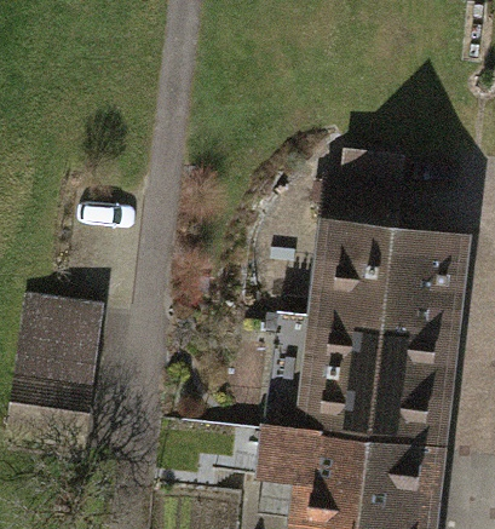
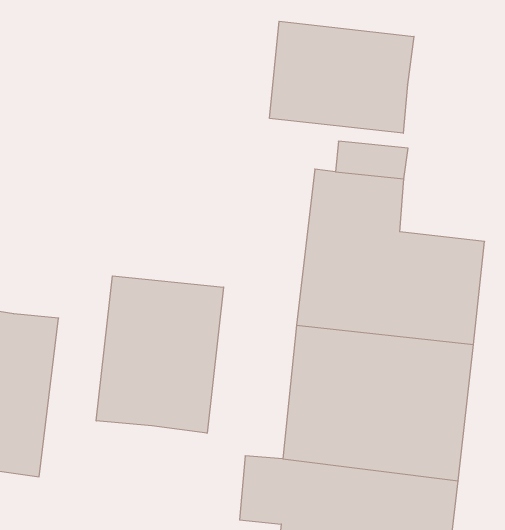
building: none -> [270,21,414,133]
building: none -> [96,276,224,433]

